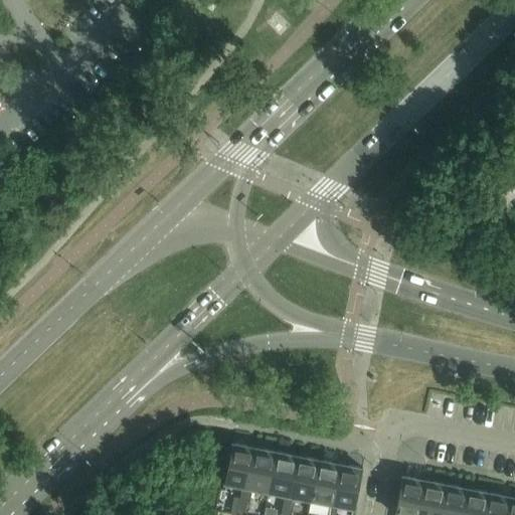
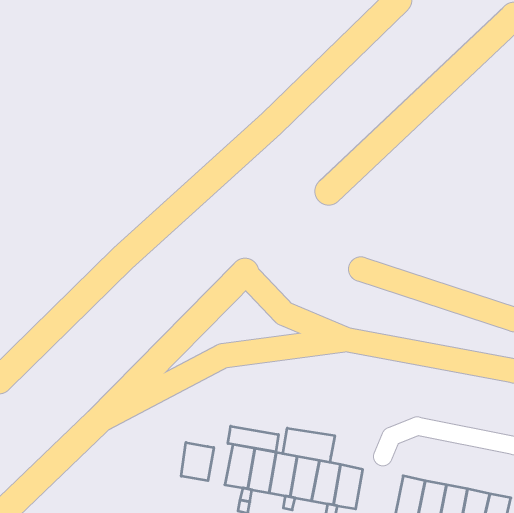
building: none -> [228,426,278,452]
building: none -> [283,428,335,462]
building: none -> [181,442,214,481]

